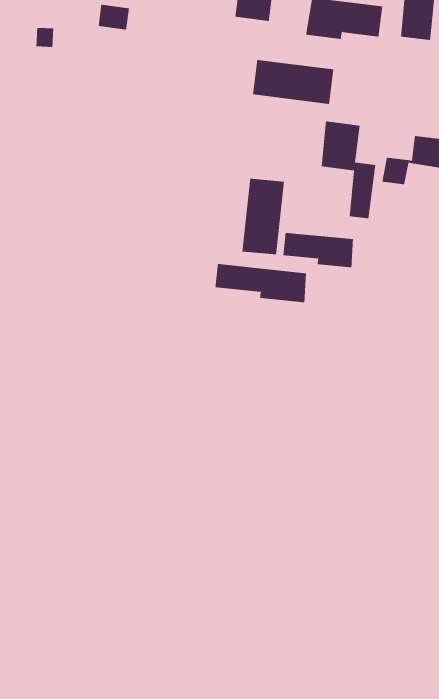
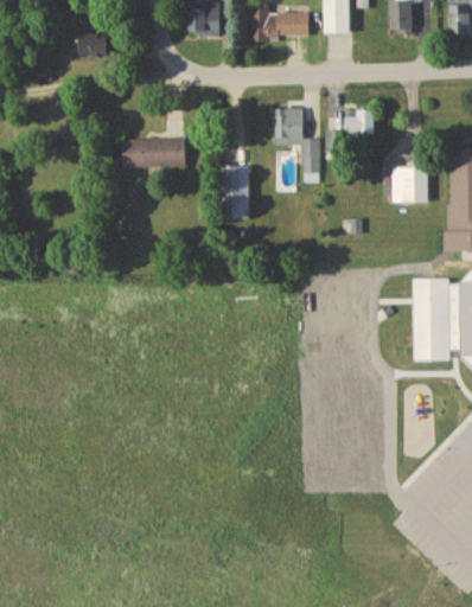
building: [252,59,334,104] -> [122,138,185,166]
building: [283,232,353,268] -> none
building: [215,263,306,303] -> none

